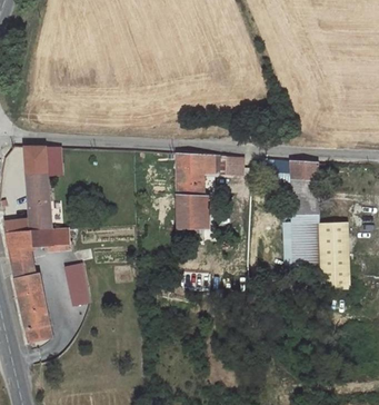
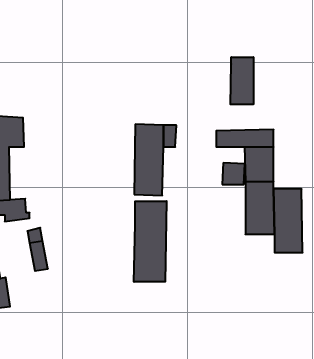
building: none -> [230,57,253,104]
building: [219,155,242,177] -> [222,163,245,184]
building: none -> [134,201,167,282]

